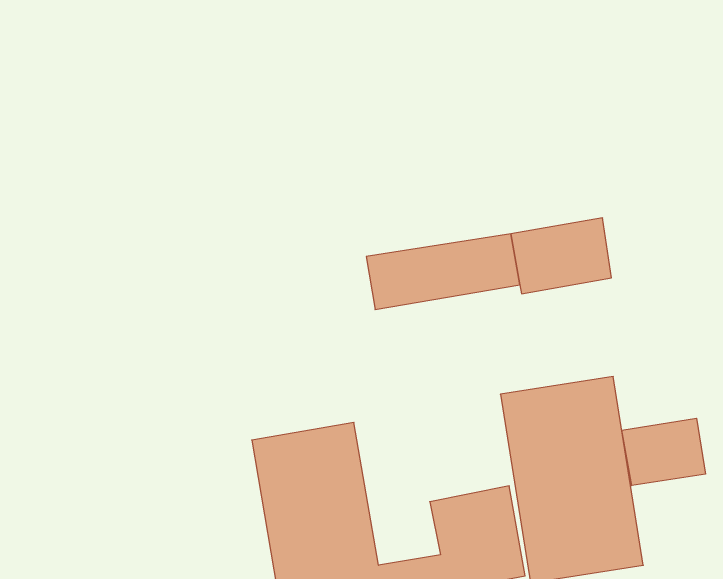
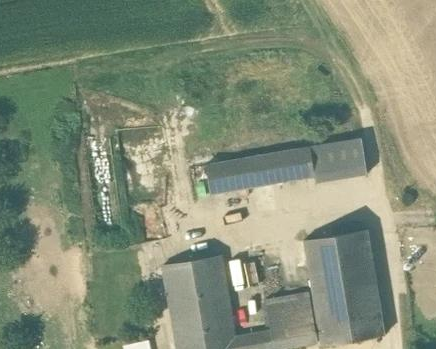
building: none -> [206,161,233,194]
building: [622,418,705,486] -> none

